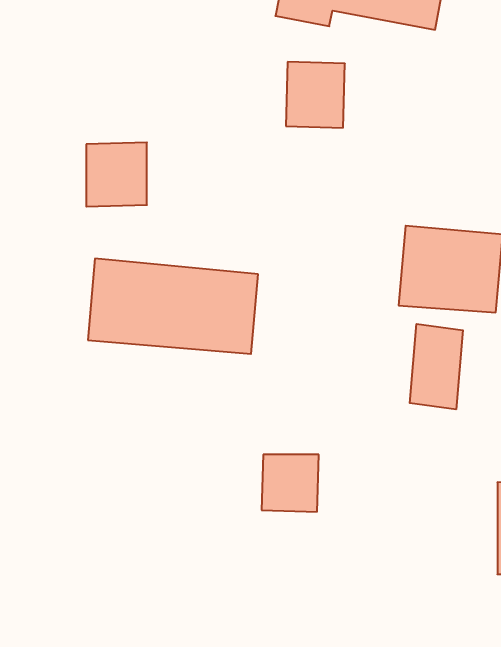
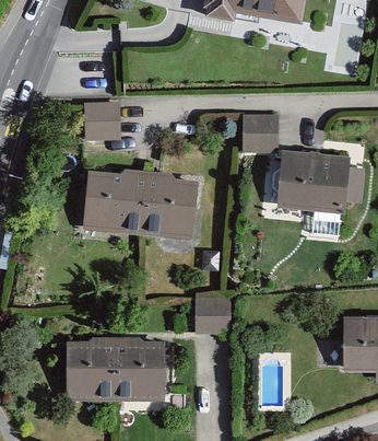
building: [286,62,345,128] -> [243,109,280,151]
building: [410,324,463,409] -> none
building: none -> [64,335,163,399]

